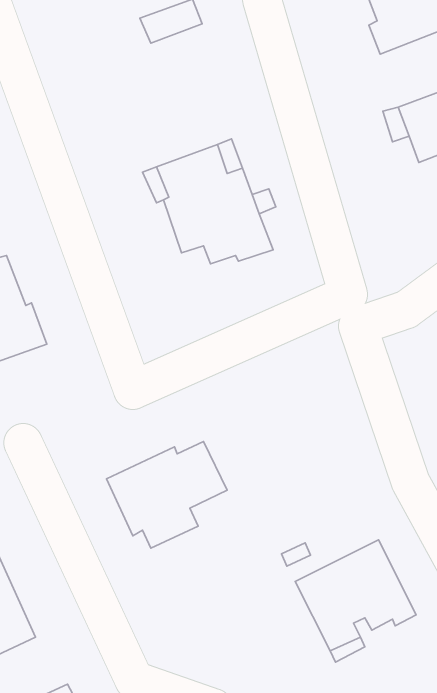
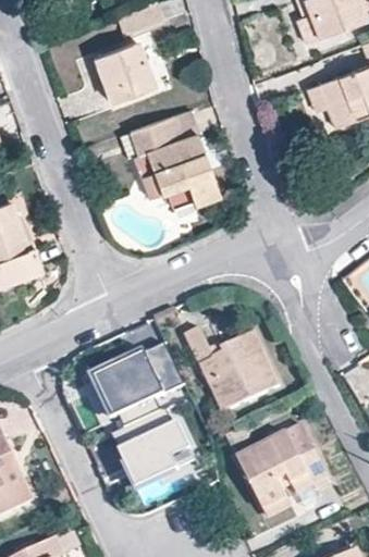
building: none -> [95,42,155,103]
building: none -> [187,329,282,412]
building: none -> [111,409,193,492]

